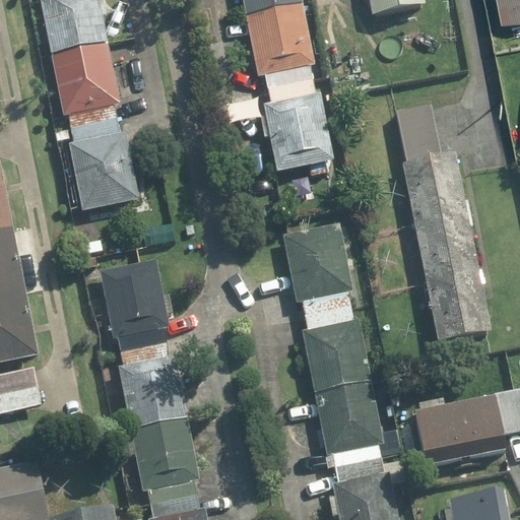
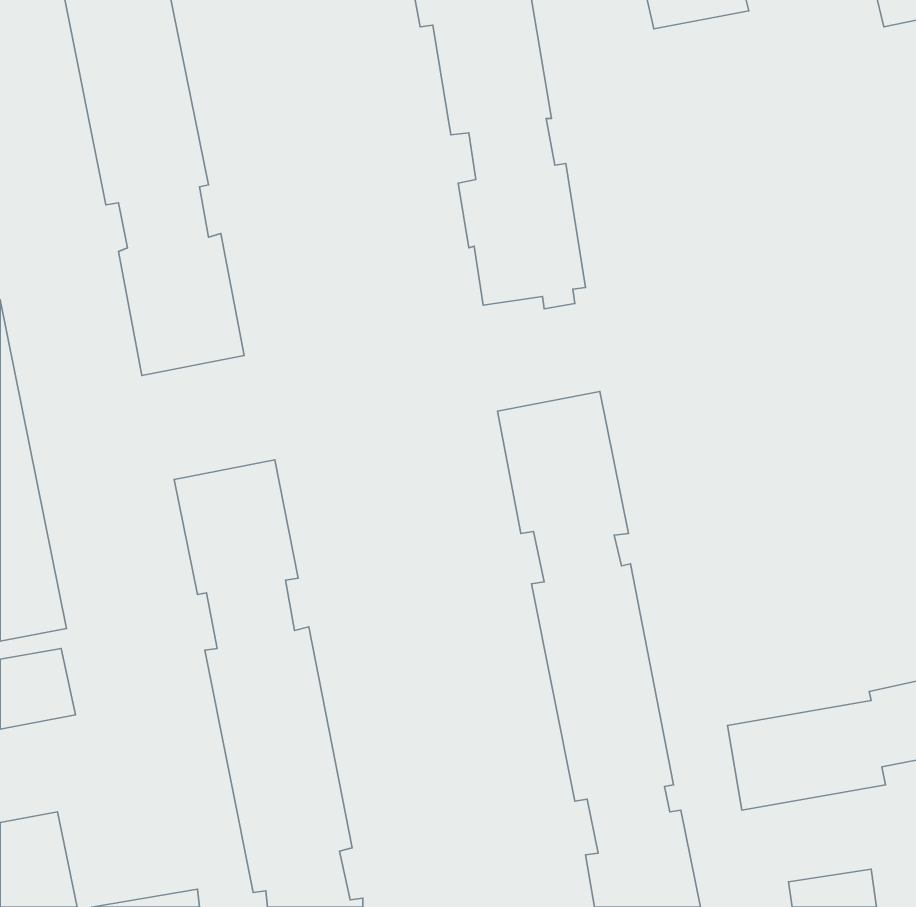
building: [396,103,492,344] -> none

